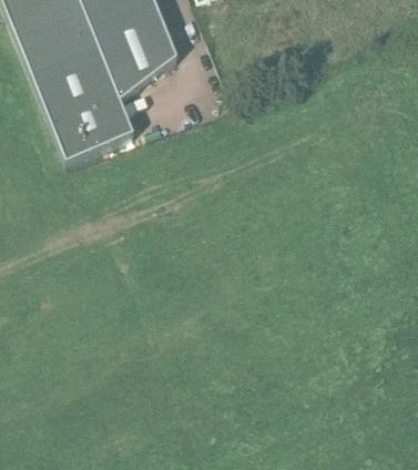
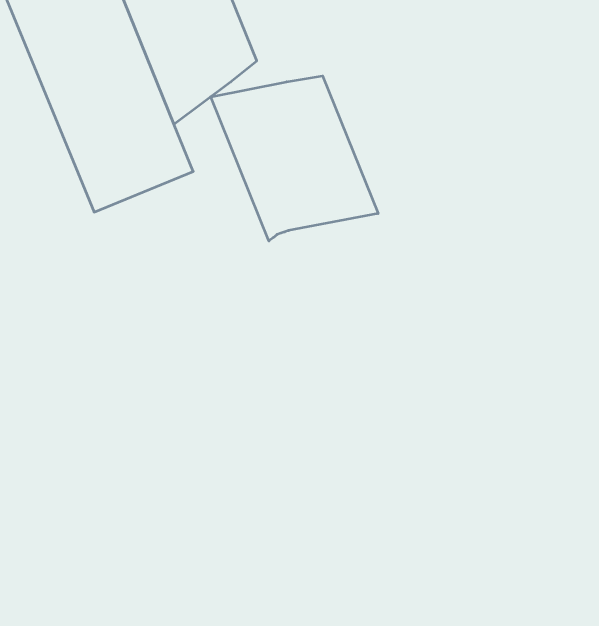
building: none -> [211,76,378,241]

